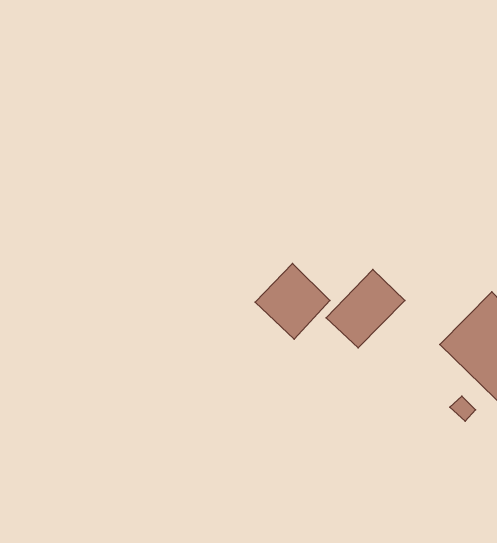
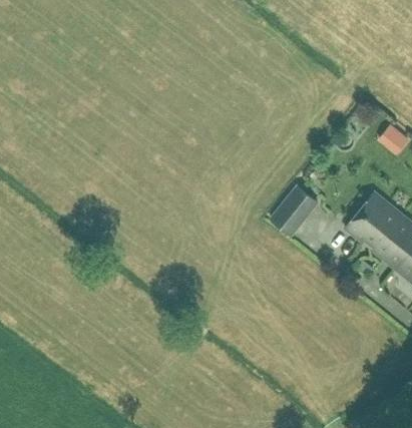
building: [255,263,330,339] -> none

